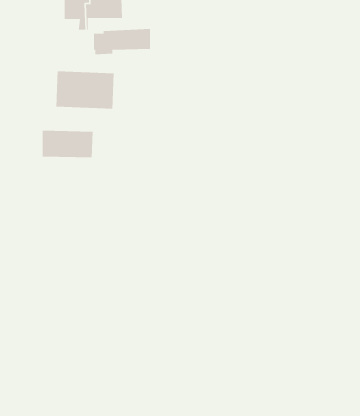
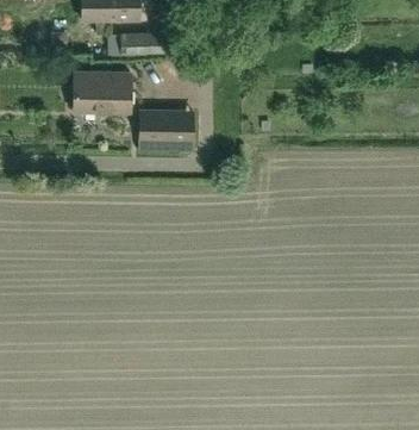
building: [42,130,94,158] -> [140,111,193,139]

